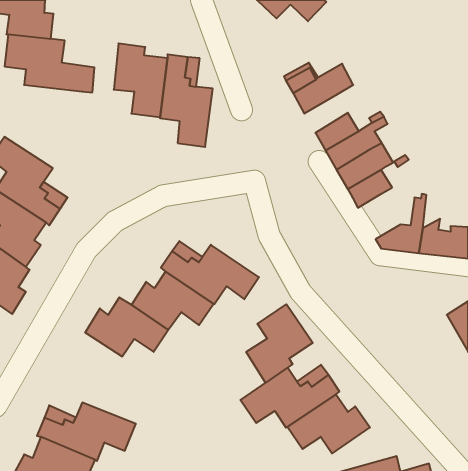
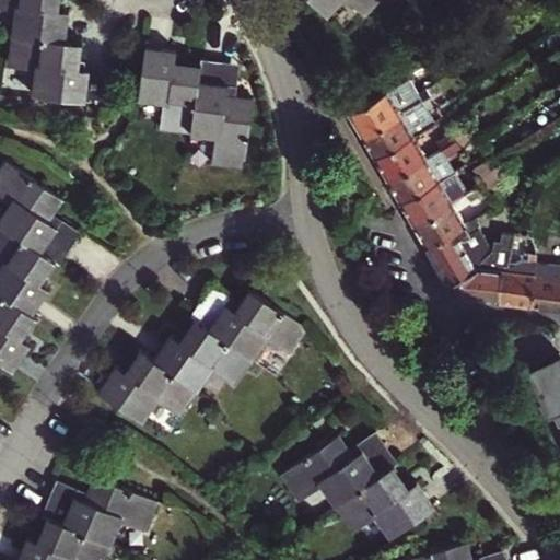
building: none -> [360,102,431,159]
building: none -> [423,218,490,284]
building: [246,304,313,383] -> none

